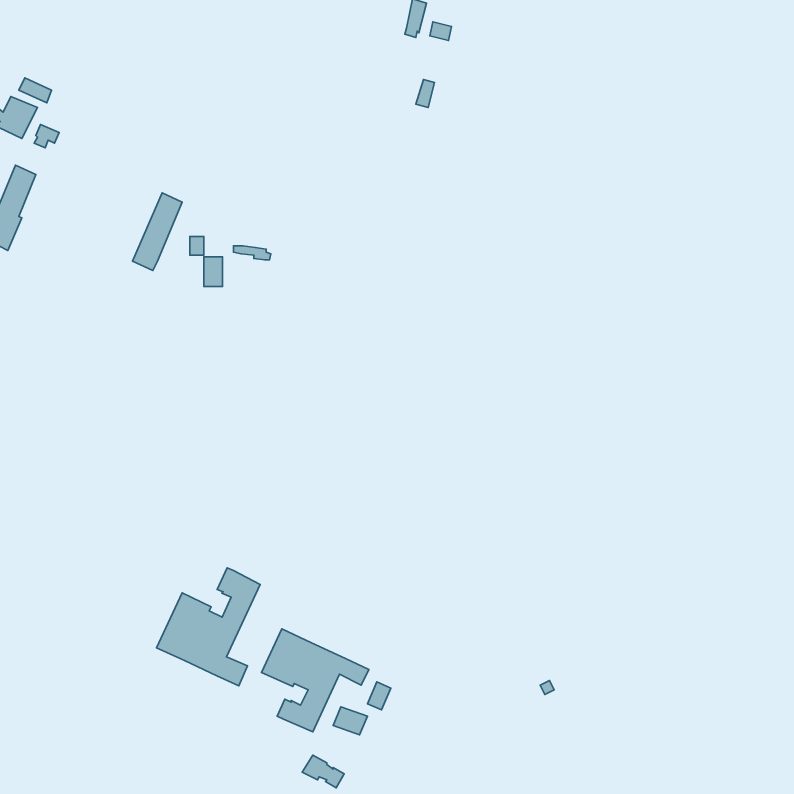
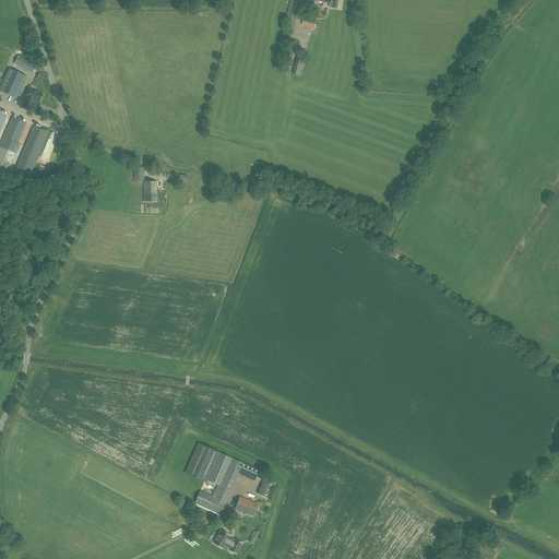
building: [132,193,182,271] -> [12,124,47,179]
building: [156,568,260,686] -> none

